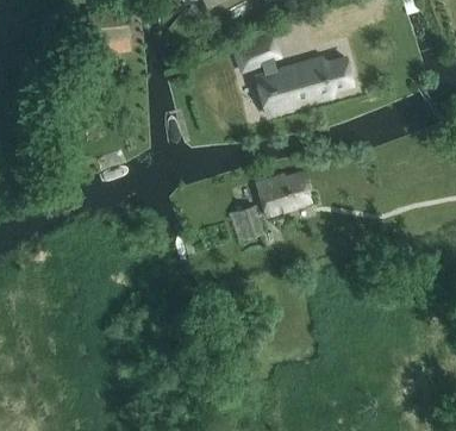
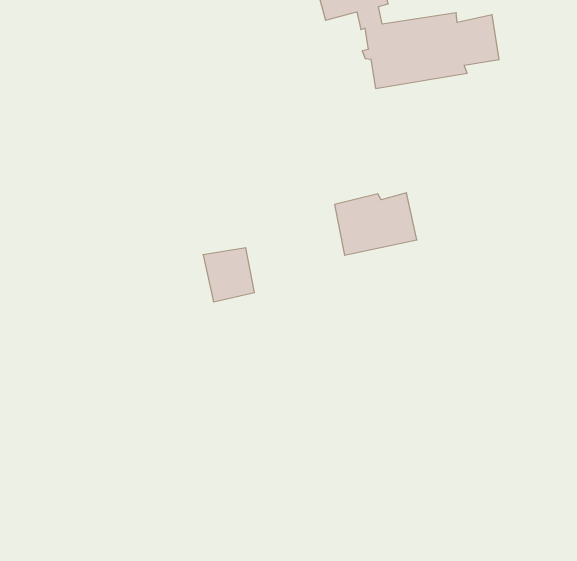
building: [230,205,264,241] -> [203,248,254,302]

